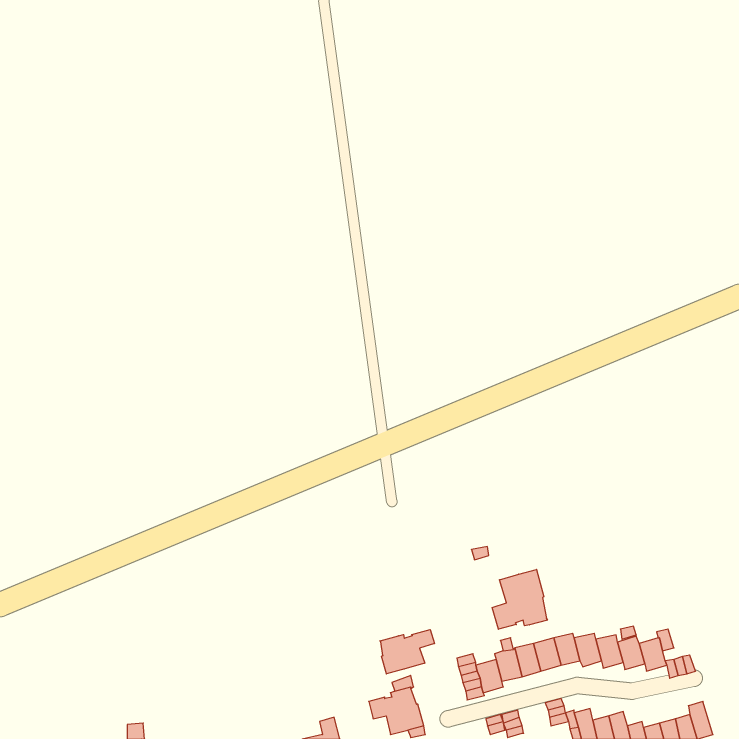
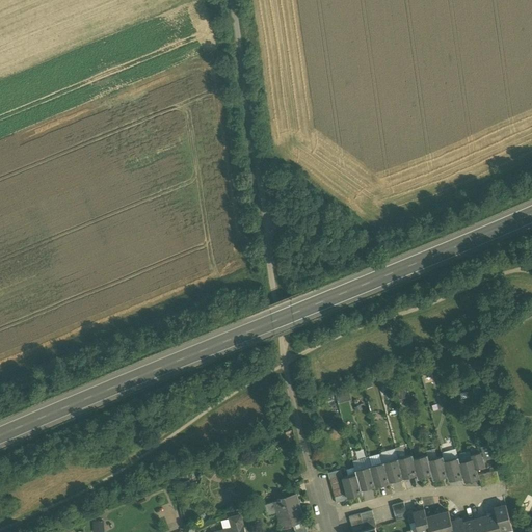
building: [492,569,547,629] -> none
building: [380,630,434,674] -> none

